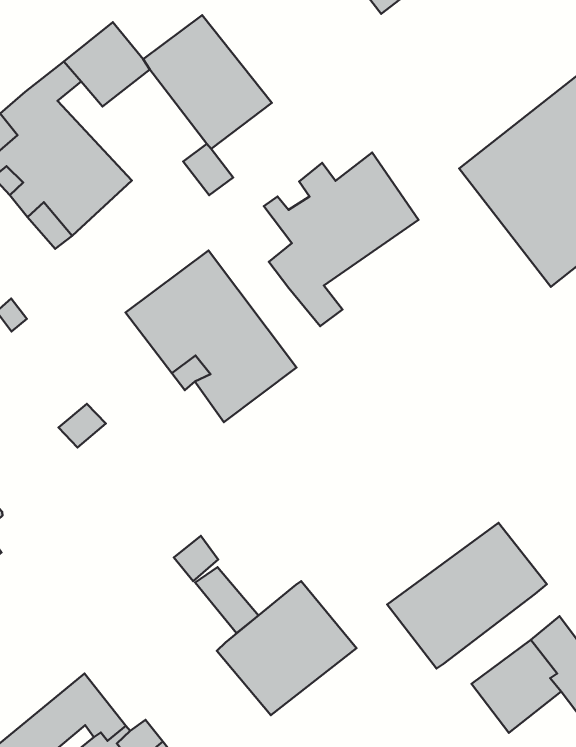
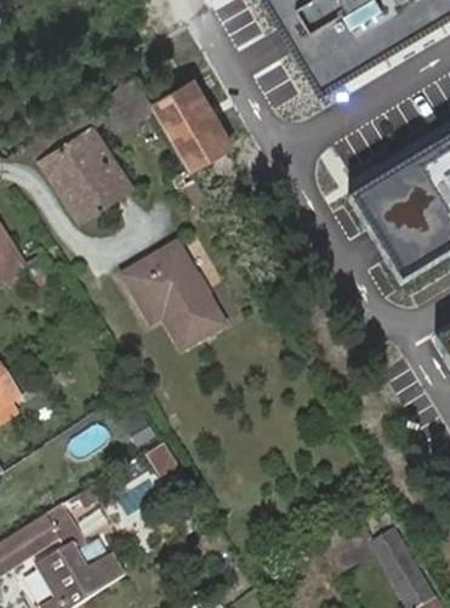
building: [264,153,419,326] -> none
building: [387,523,547,669] -> none
building: [217,581,356,715] -> none

